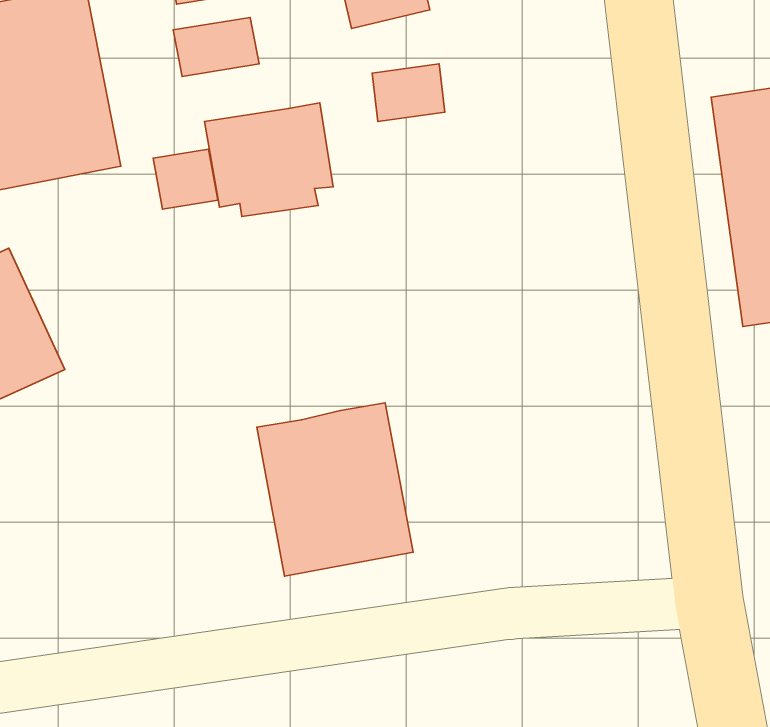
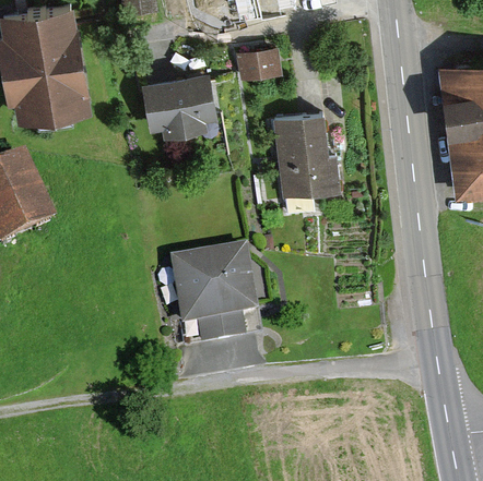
building: [173,17,259,76] -> none
building: [153,149,218,209] -> none
building: none -> [276,112,341,211]

